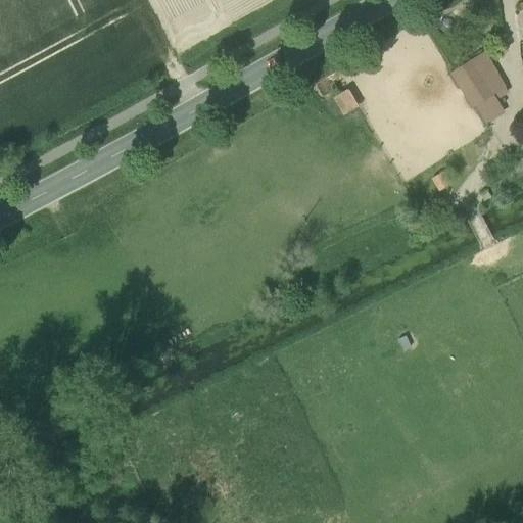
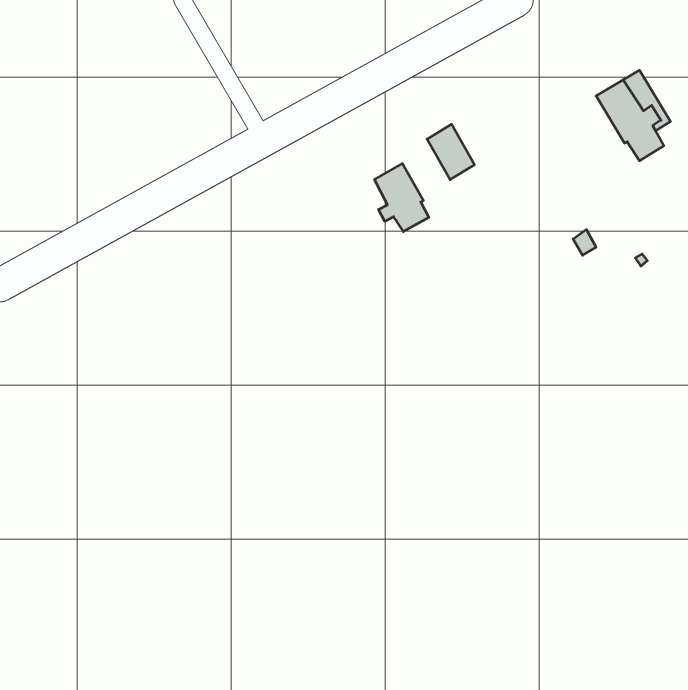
building: none -> [375,164,429,232]

